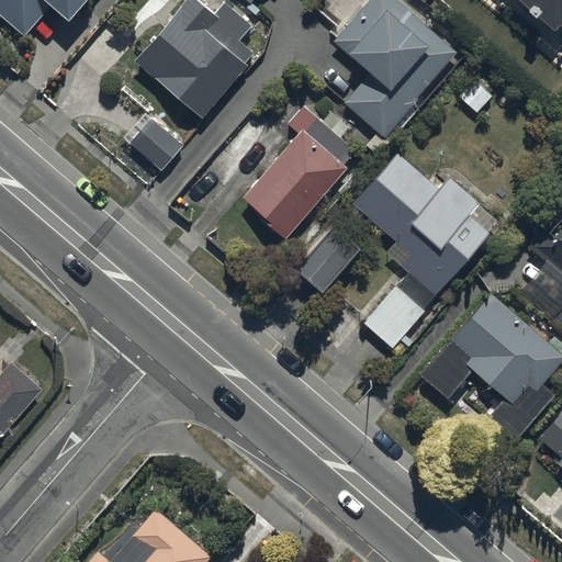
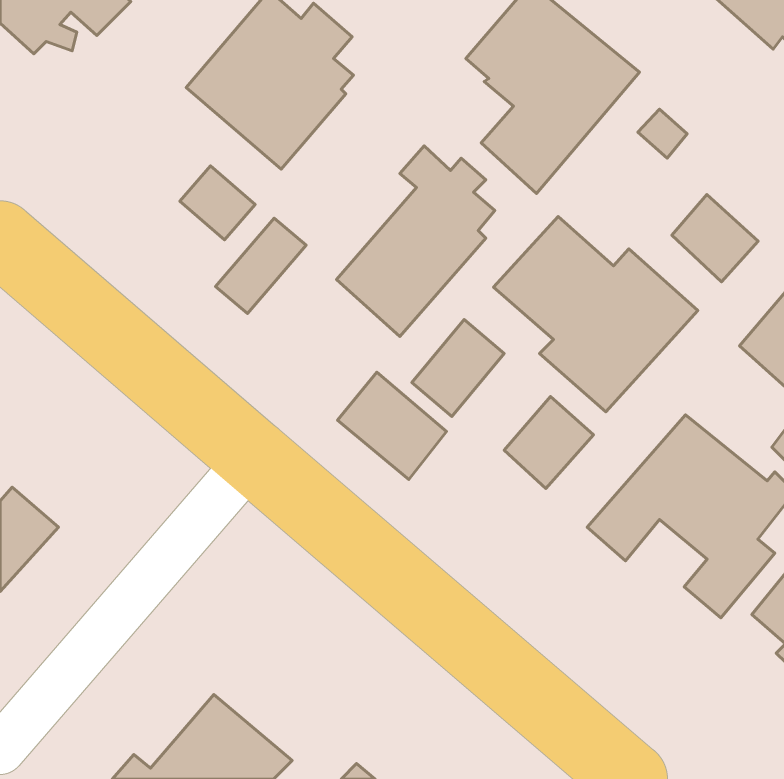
building: none -> [672,194,758,282]
building: none -> [215,218,306,313]
building: none -> [337,372,447,479]

